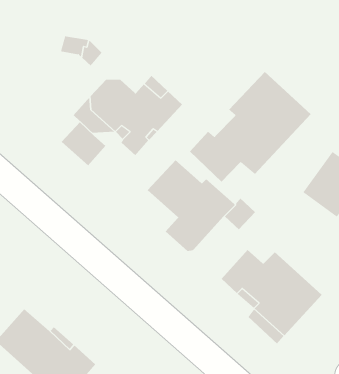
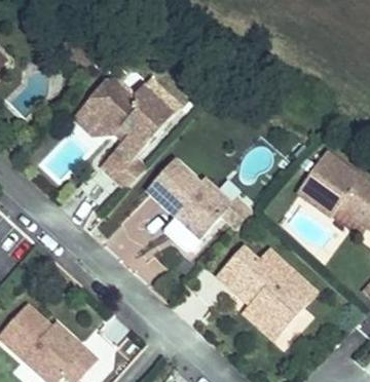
building: [189,71,311,182] -> none
building: [61,122,106,166] -> [102,144,146,187]

